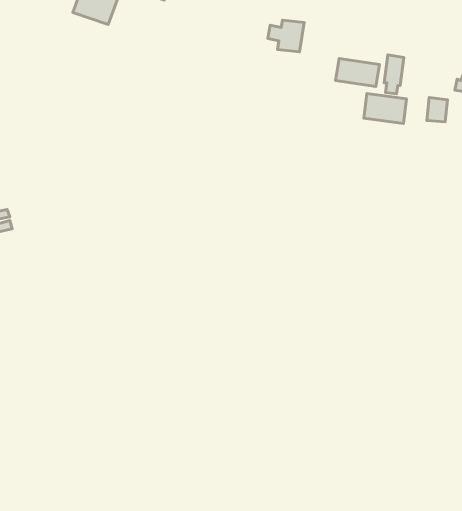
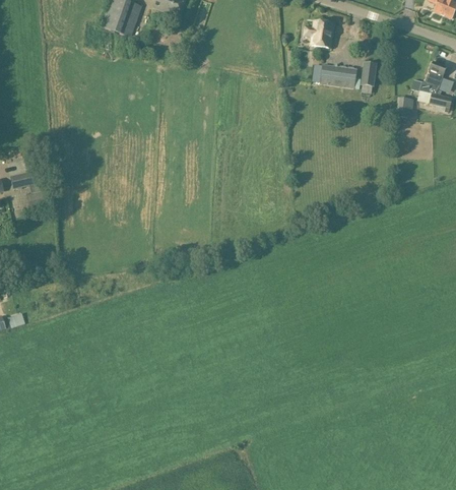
building: [268,20,304,52] -> [304,20,334,47]
building: [364,94,407,123] -> none

